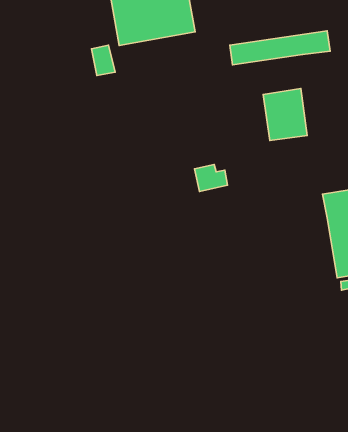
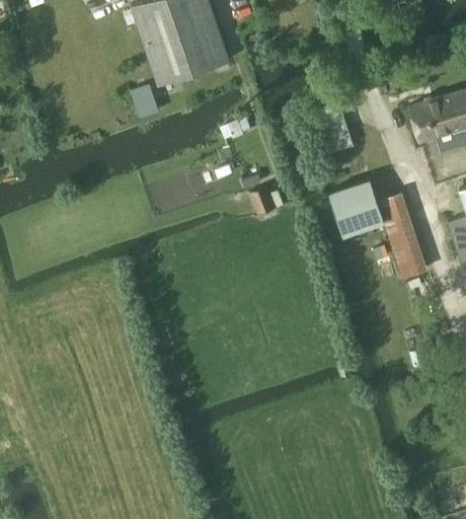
building: [230,31,330,65] -> none
building: none -> [329,180,385,237]

